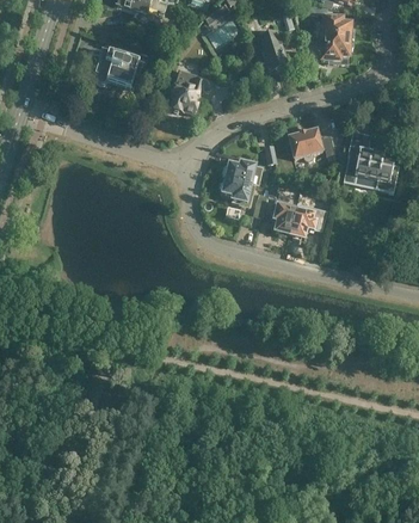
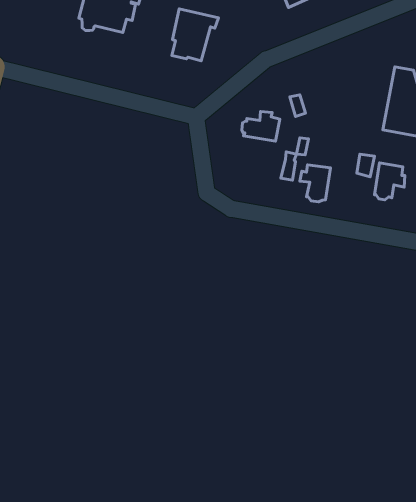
building: [288,129,334,160] -> none
building: [220,177,251,203] -> none
building: [289,208,315,239] -> [374,163,405,200]

